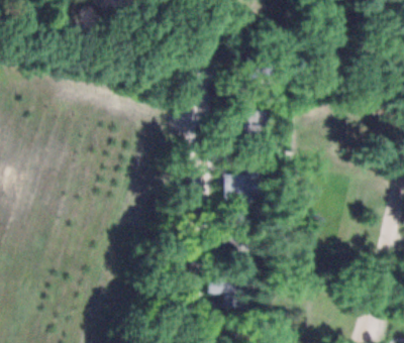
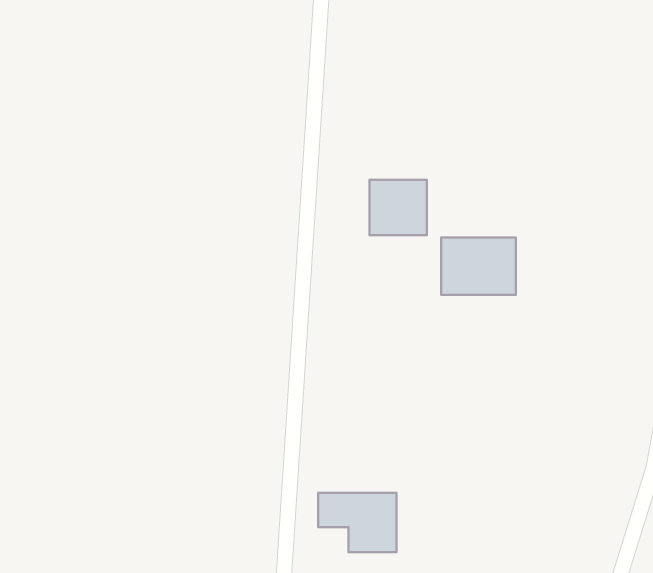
building: [222,173,262,203] -> [441,238,516,295]

